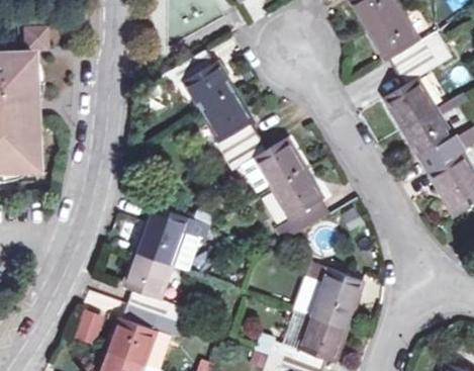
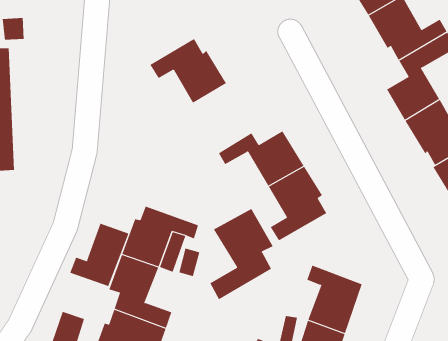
building: [203,92,259,158] -> none
building: none -> [209,208,273,300]
building: none -> [70,223,129,287]

